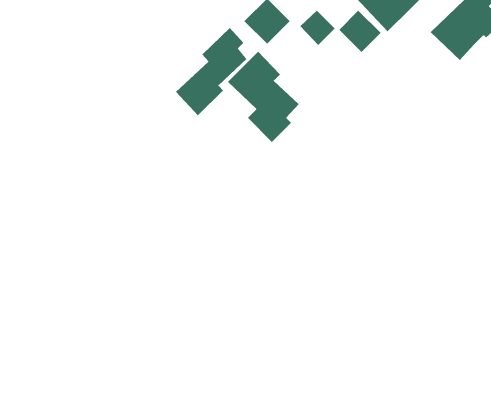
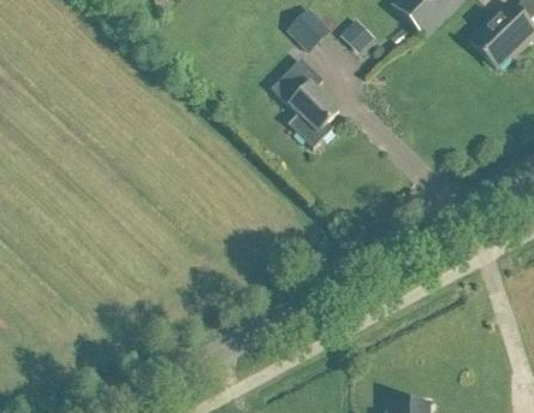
building: [338,10,381,53] -> none
building: [175,27,247,116] -> none

